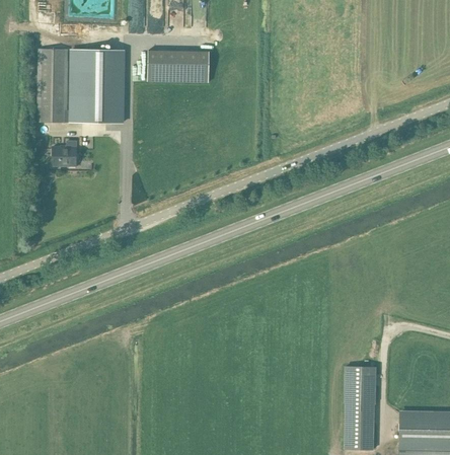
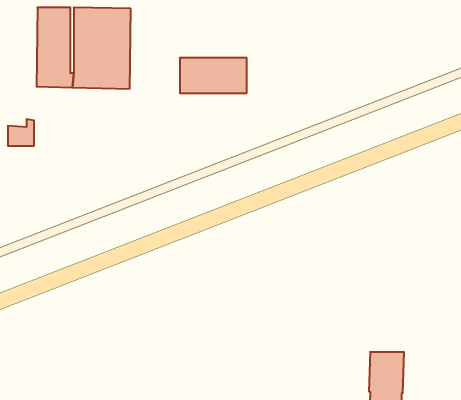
building: [151,49,213,81] -> [180,58,247,93]
building: [53,140,77,164] -> [8,119,34,146]

